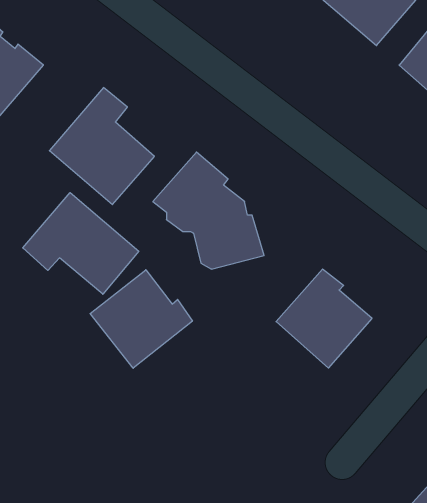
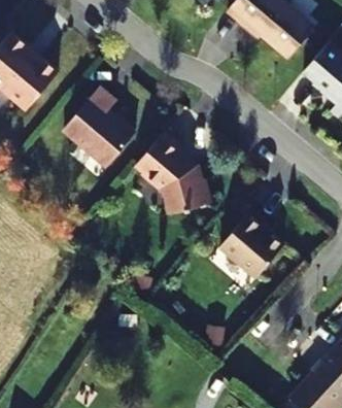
building: [23,193,139,294] -> none
building: [90,270,192,368] -> none

